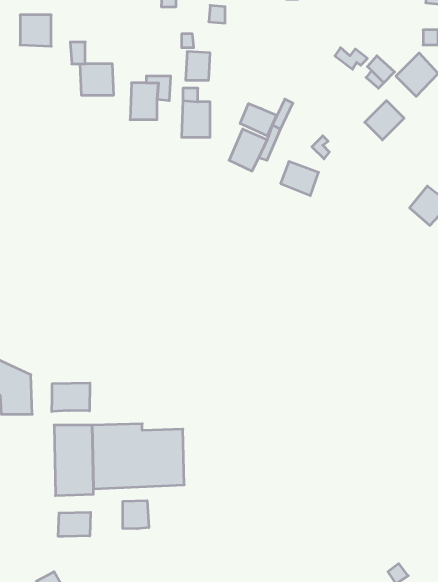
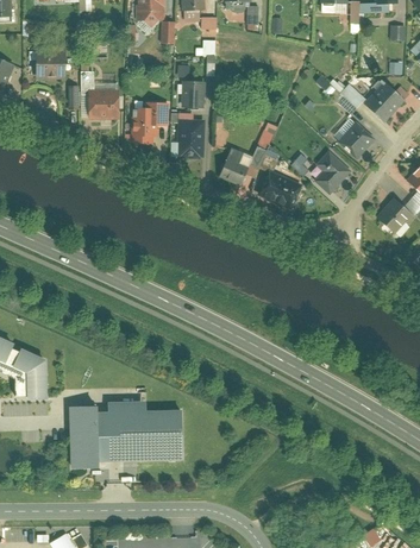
building: [240,104,276,136] -> none
building: none -> [316,149,350,191]
building: [52,383,90,412] -> none
building: [123,501,149,529] -> none
building: [58,512,91,536] -> none

